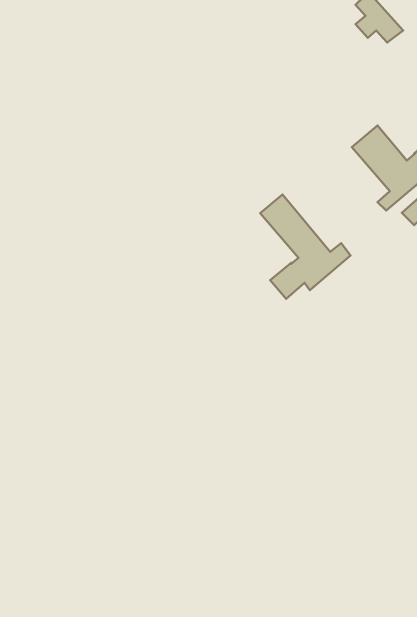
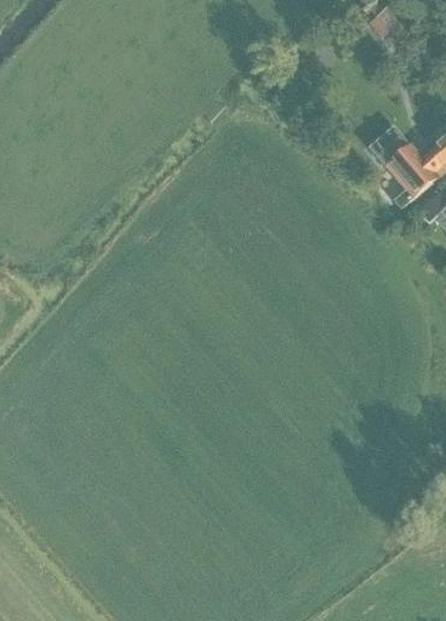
building: [260,195,351,299] -> none

